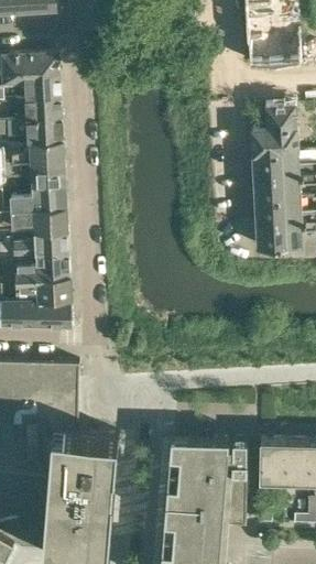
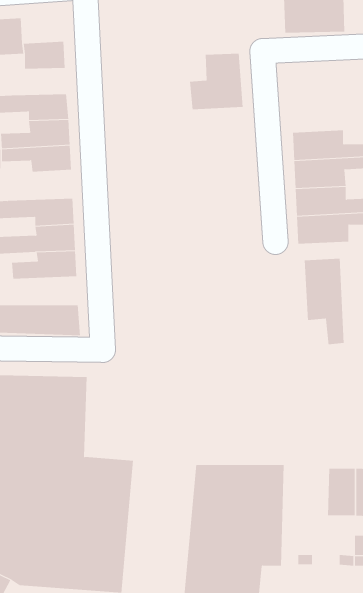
building: [23,55,59,78] -> none
building: [13,99,62,122] -> none
building: [252,106,298,154] -> [189,53,243,110]
building: [10,186,67,213] -> none
building: none -> [304,258,344,345]
building: [15,278,72,302] -> none
building: [259,441,285,482] -> none

